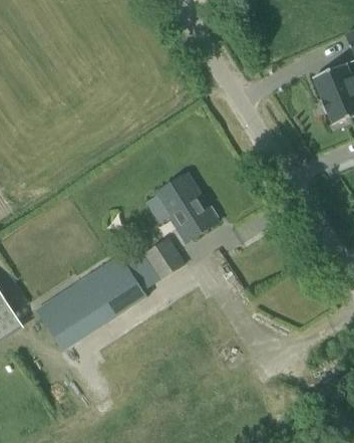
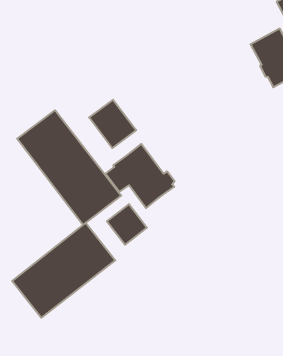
building: none -> [89,100,136,148]
building: none -> [17,110,121,225]

